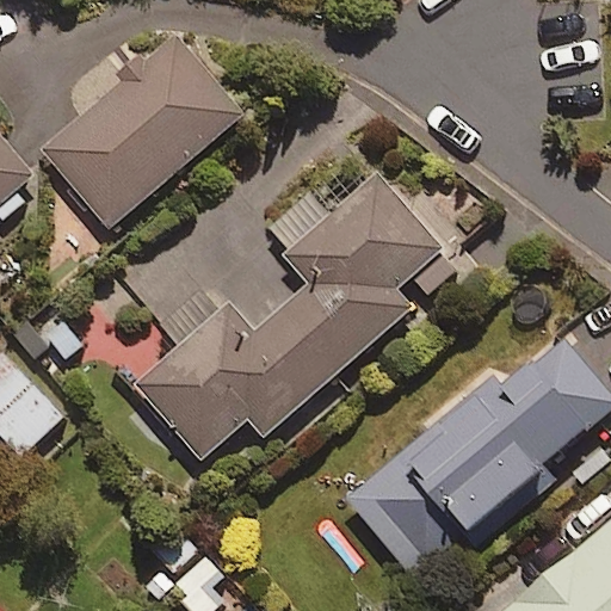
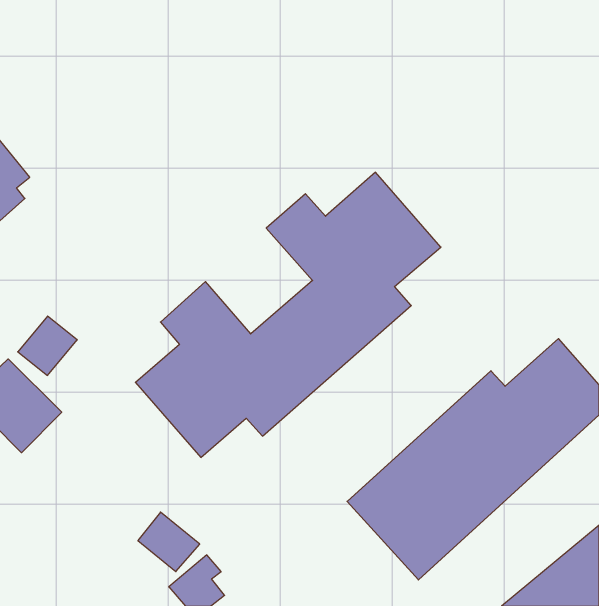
building: [42,35,243,228] -> none

